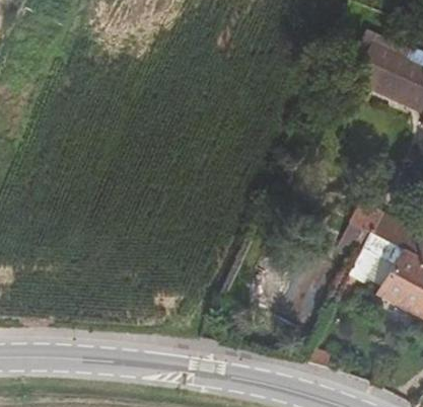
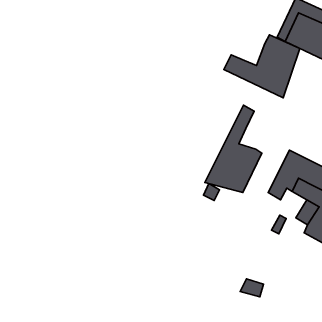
building: none -> [224,35,300,98]
building: none -> [205,105,262,192]

